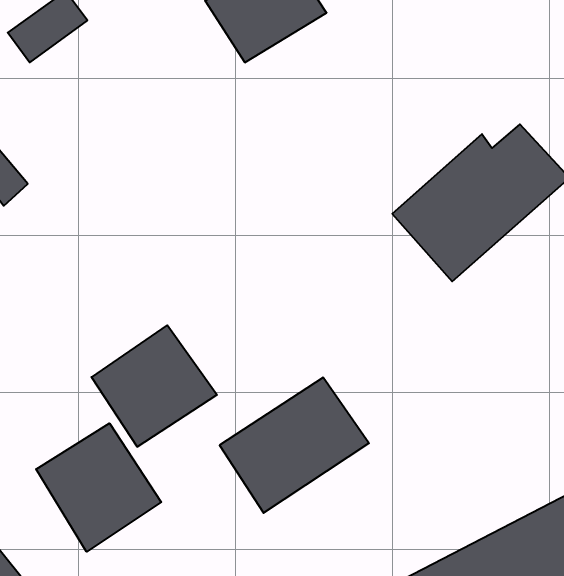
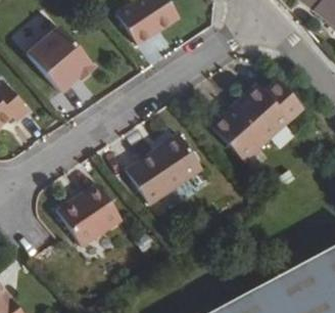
building: none -> [27,27,92,93]
building: [220,378,369,513] -> [127,133,203,203]
building: [36,423,161,552] -> none

